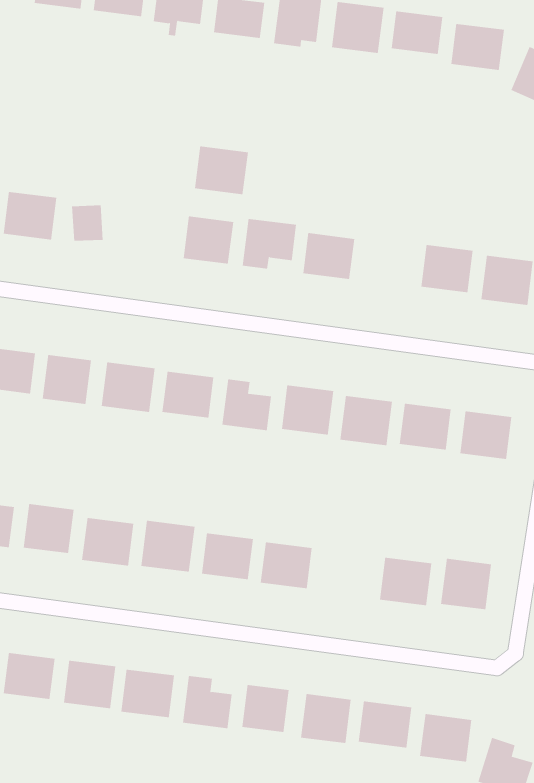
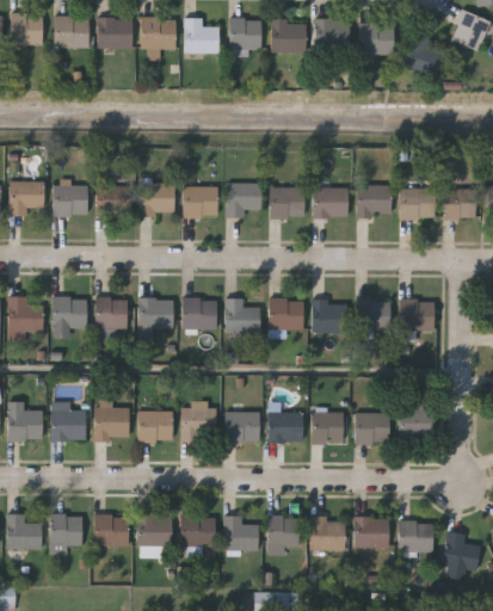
building: [194,146,249,195] -> [137,184,173,215]
building: none -> [313,187,347,217]
building: none -> [313,413,343,443]

